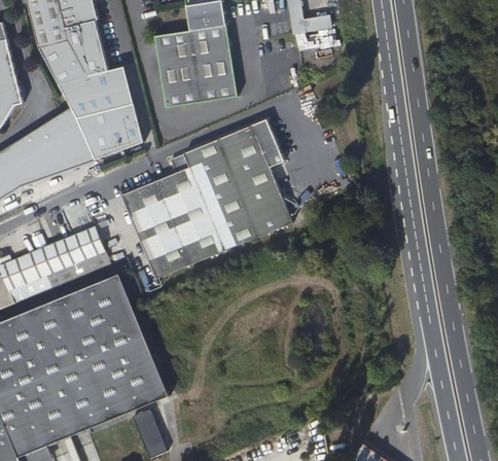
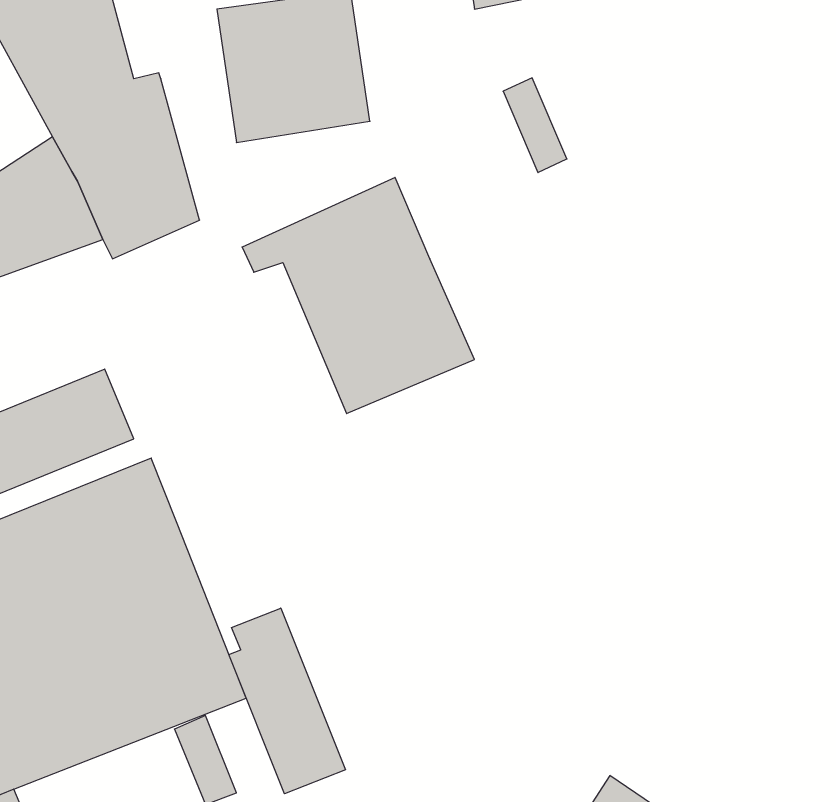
building: [249,117,283,168] -> [503,78,567,173]
building: [119,170,223,279] -> none
building: none -> [229,608,346,794]

